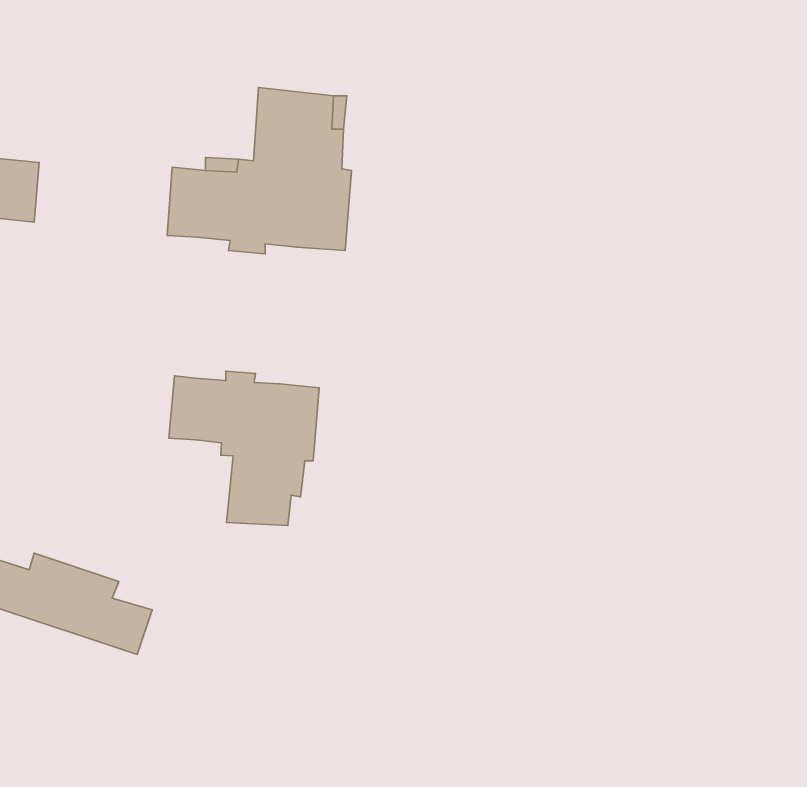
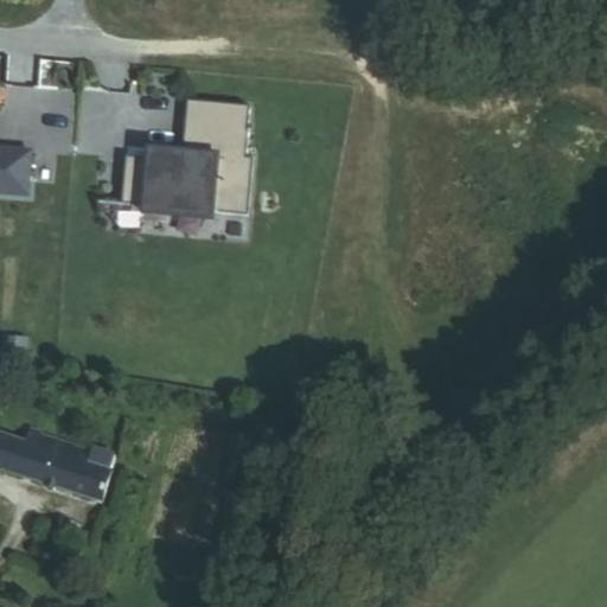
building: [169,371,319,526] -> none

